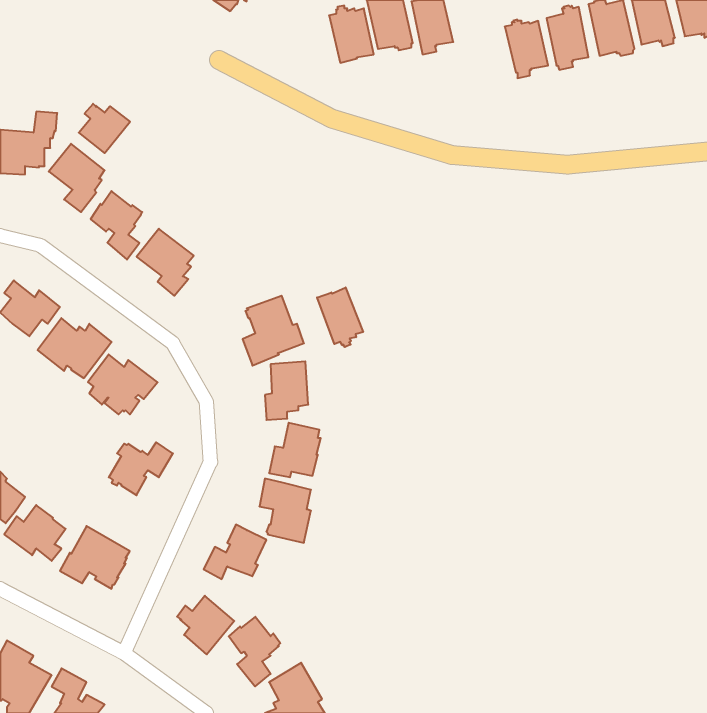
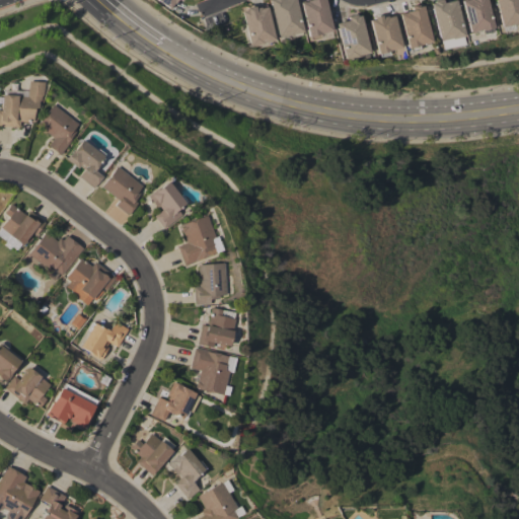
building: none -> [338,14,370,59]
building: [79,104,130,153] -> none
building: none -> [151,181,188,228]
building: [317,287,363,347] -> none

